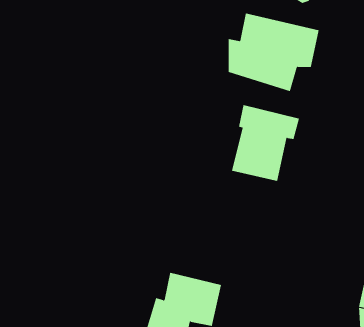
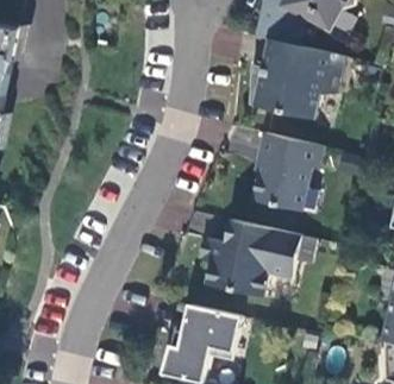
building: none -> [195,219,300,297]

